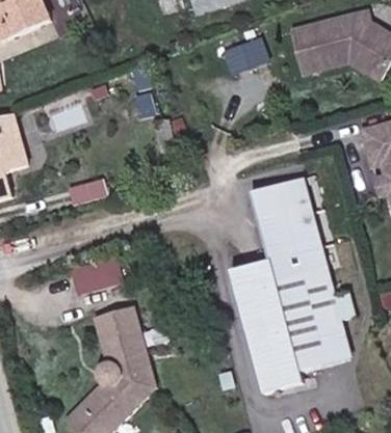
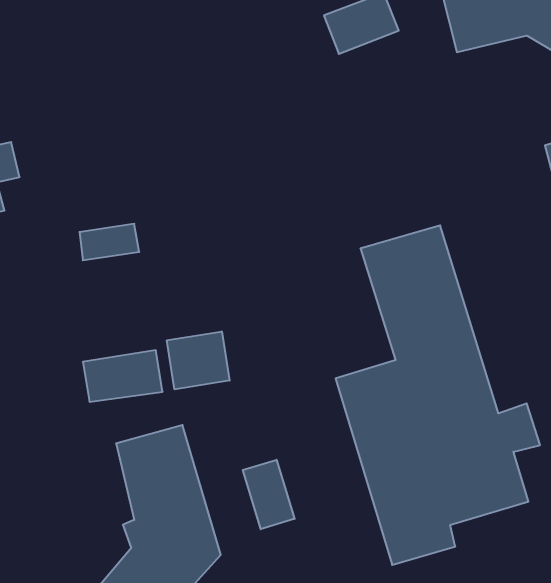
building: none -> [167,331,230,389]
building: none -> [243,460,295,529]

